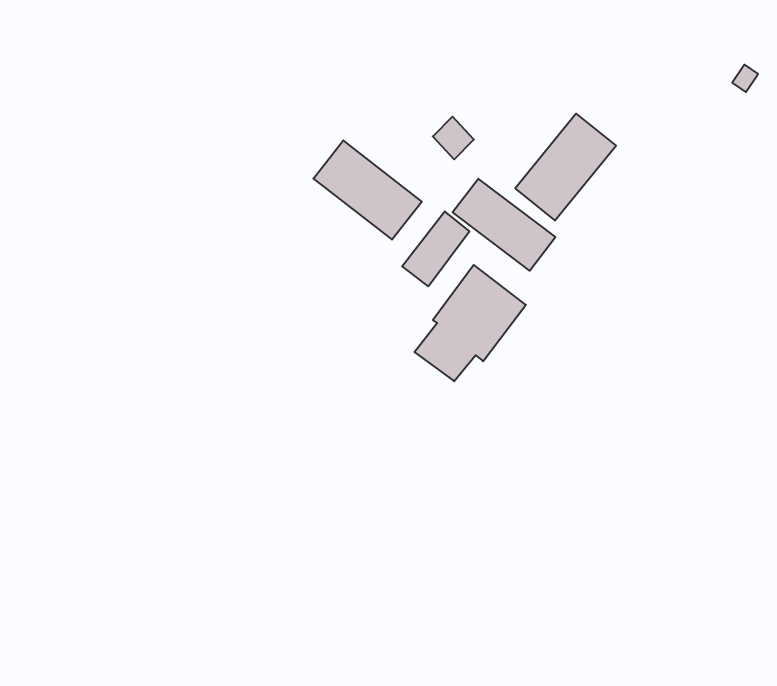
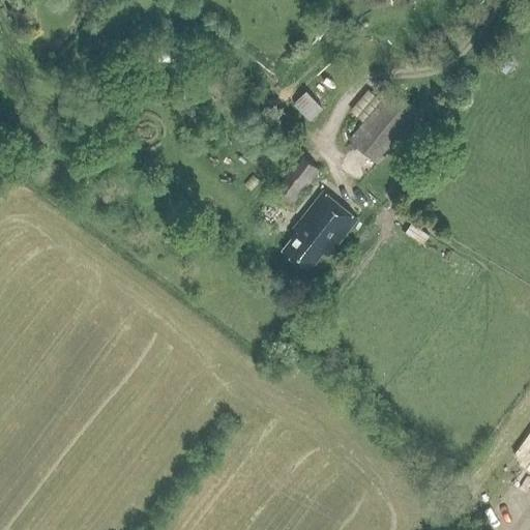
building: [313,140,422,240] -> none
building: [453,179,555,271] -> none

